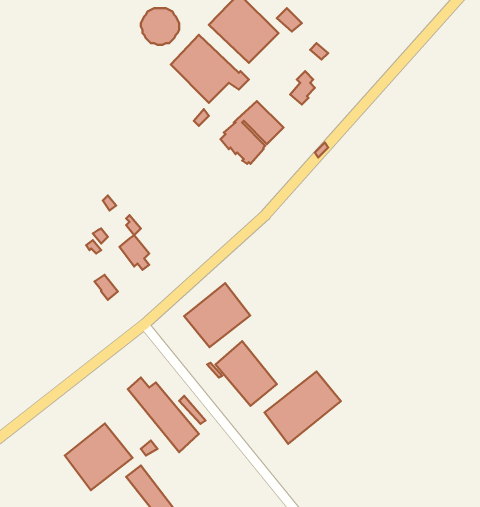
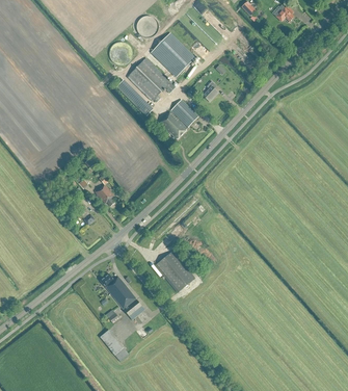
building: [184,283,250,347] -> none
building: [265,371,341,444] -> none
building: [65,424,132,490] -> none

